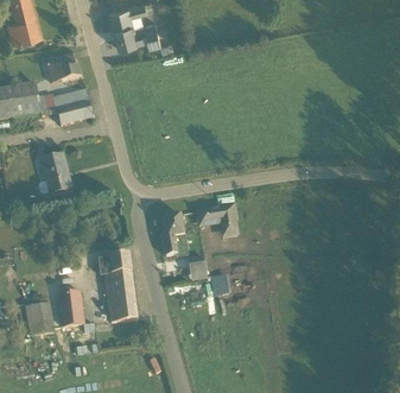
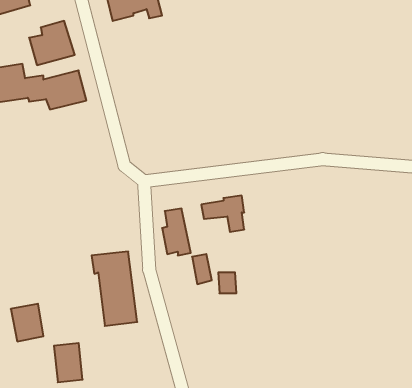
building: [37,153,69,195] -> none
building: [57,290,83,325] -> [54,343,83,382]

